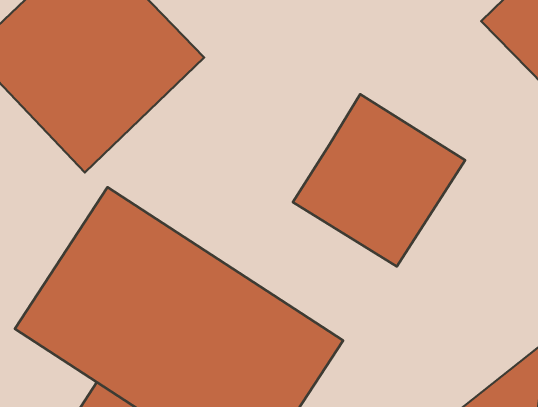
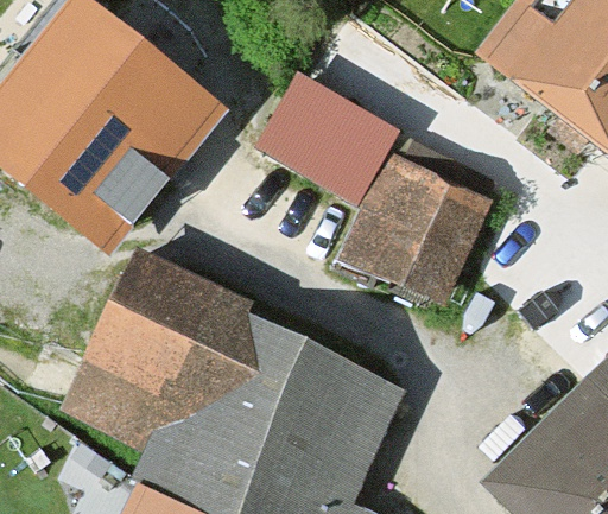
building: none -> [253,61,398,192]

